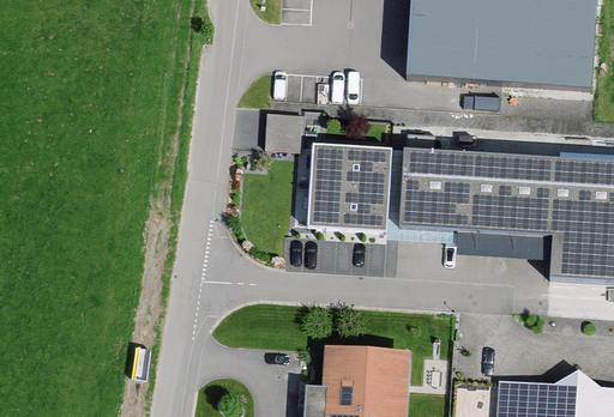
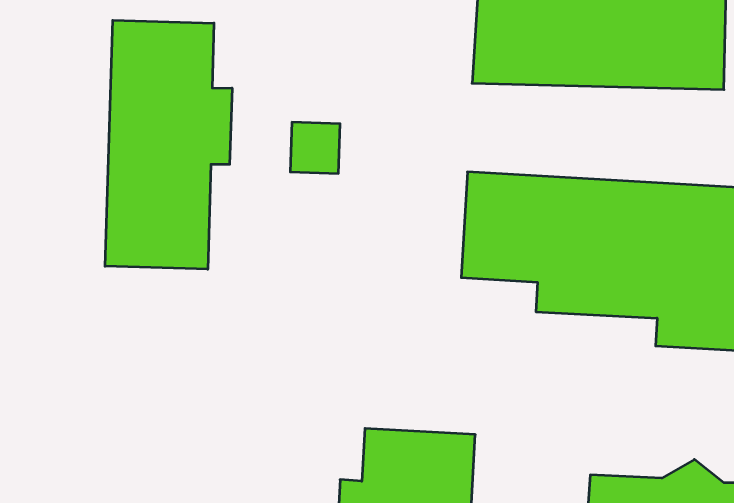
building: none -> [105,20,232,269]
building: [308,141,392,229] -> none

